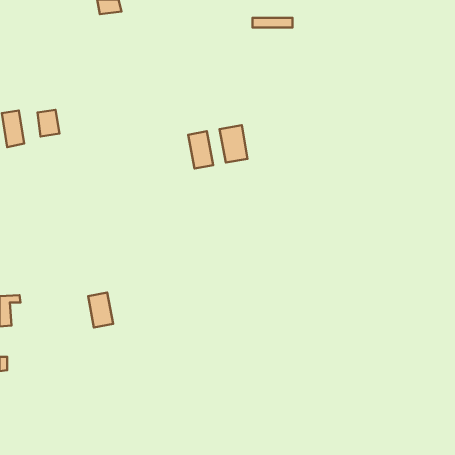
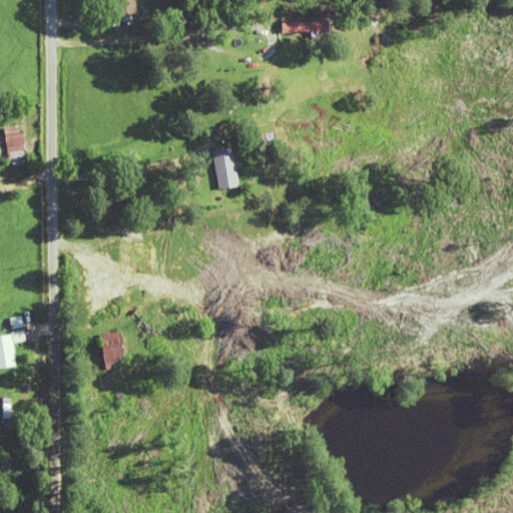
building: [37,110,59,137] -> none
building: [219,125,247,163] -> none

